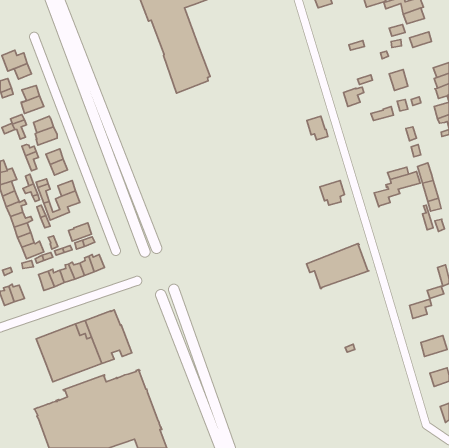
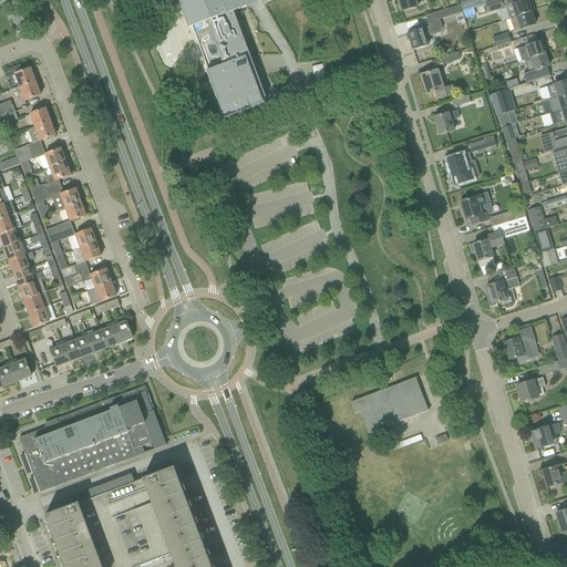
building: none -> [406,4,461,49]
building: none -> [520,52,549,82]
building: none -> [420,69,454,96]
building: [307,116,328,140] -> [446,153,473,183]
building: [320,181,345,205] -> [460,193,491,224]
building: none -> [485,266,519,308]
building: none -> [63,267,111,287]
building: [306,244,369,288] -> [350,375,429,432]
building: none -> [503,327,534,361]
building: none -> [19,426,66,492]

